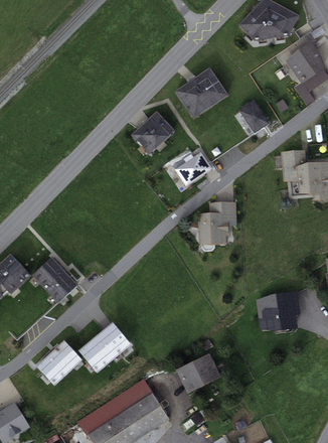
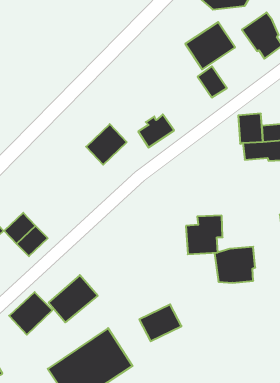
building: [174,67,227,118] -> [185,22,235,69]
building: [131,111,174,154] -> [86,124,127,165]
building: [196,202,235,244] -> [186,216,223,254]

